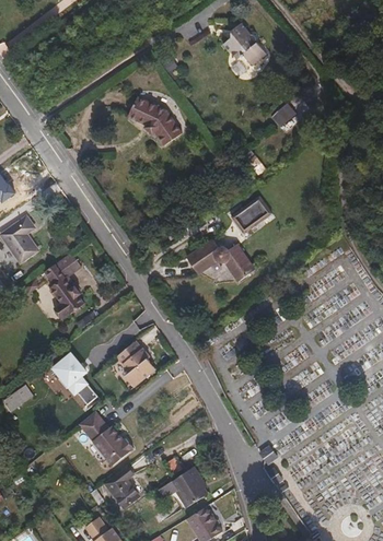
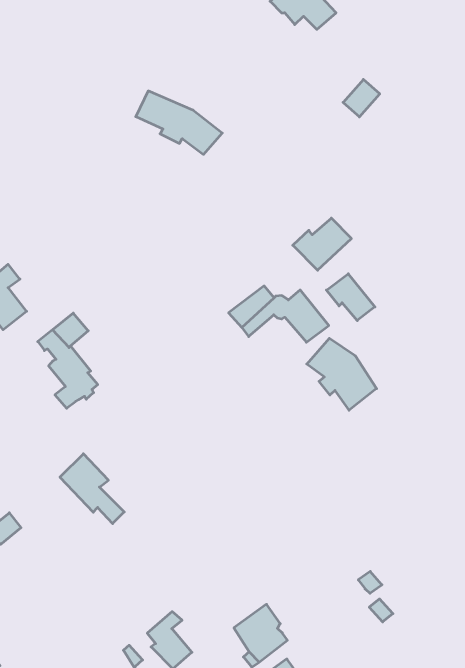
building: none -> [326,274,375,321]
building: none -> [307,338,377,410]
building: [116,342,154,387] -> none
building: [79,411,132,466] -> none

